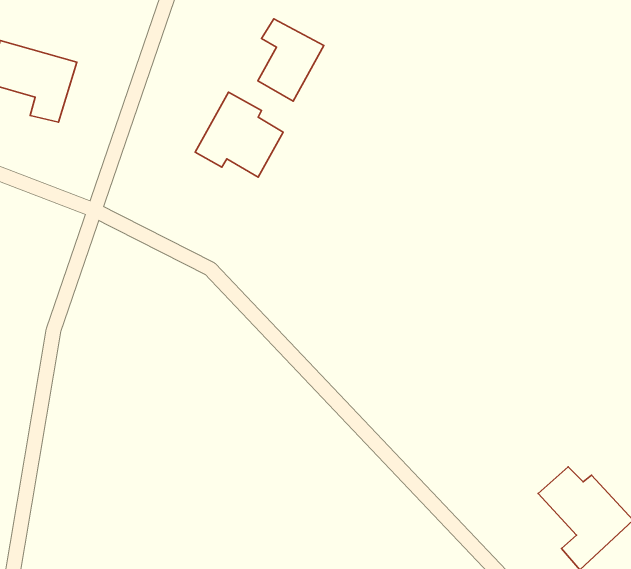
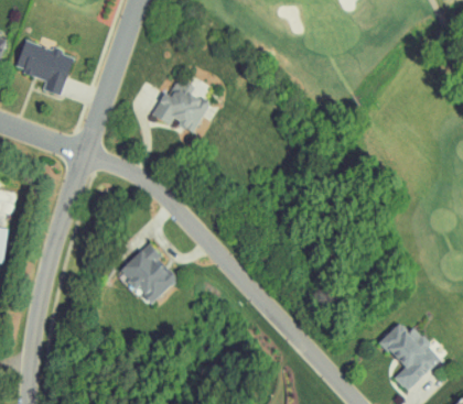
building: [258,19,324,101] -> none
building: none -> [119,243,179,303]

